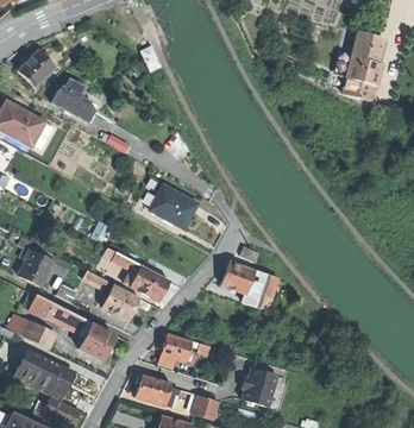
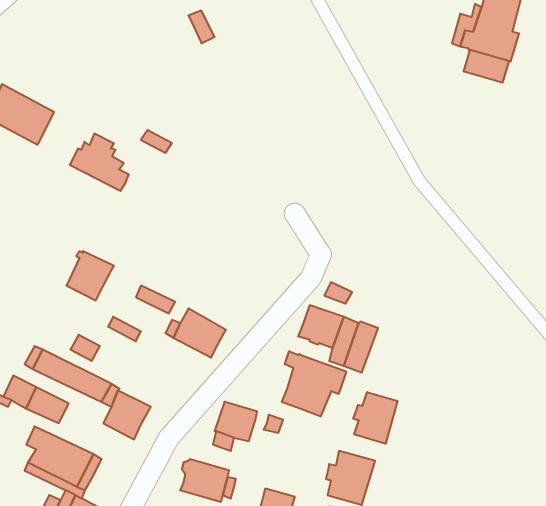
building: [19,50,57,88] -> none
building: [51,81,94,122] -> [70,134,129,191]
building: [146,187,199,229] -> none
building: [19,251,54,287] -> [66,251,114,300]
building: [102,285,139,321] -> none
building: none -> [282,351,346,416]
building: none -> [353,392,397,444]

